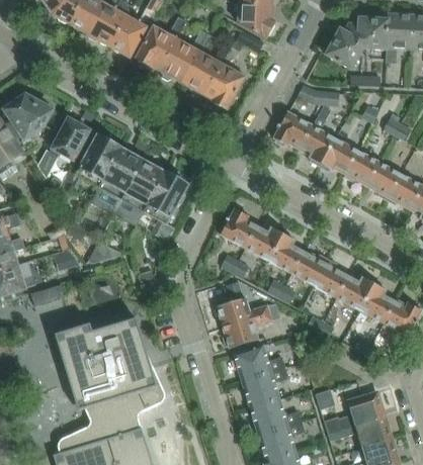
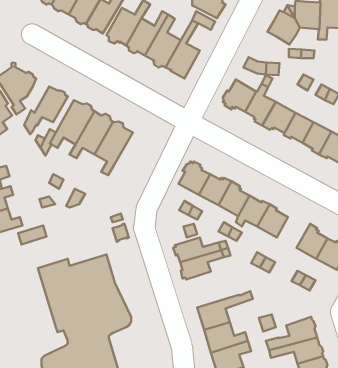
building: [145,173,188,237] -> none
building: [337,274,376,310] -> none
building: [234,345,285,381] -> none

